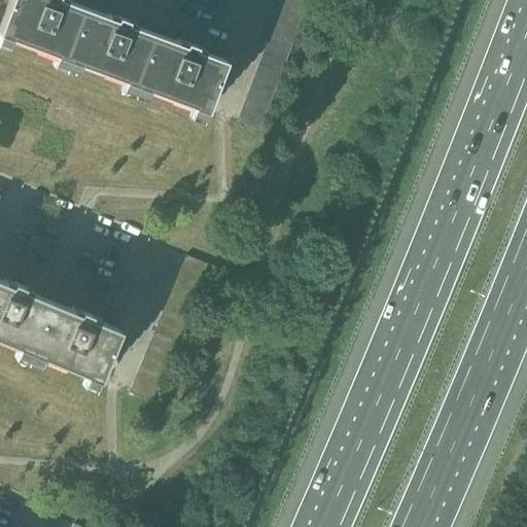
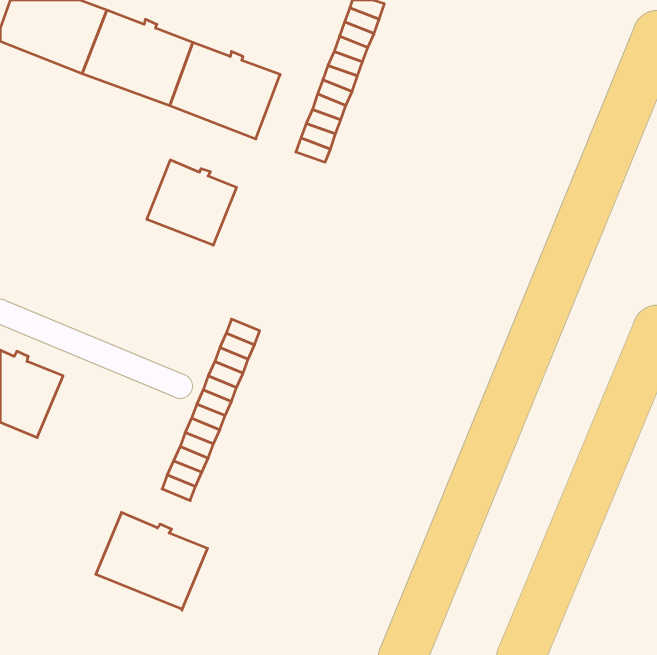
building: none -> [147,160,237,245]
building: [30,303,119,381] -> [96,512,208,610]

